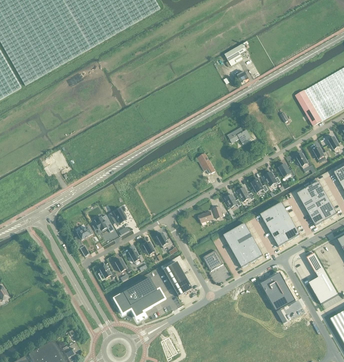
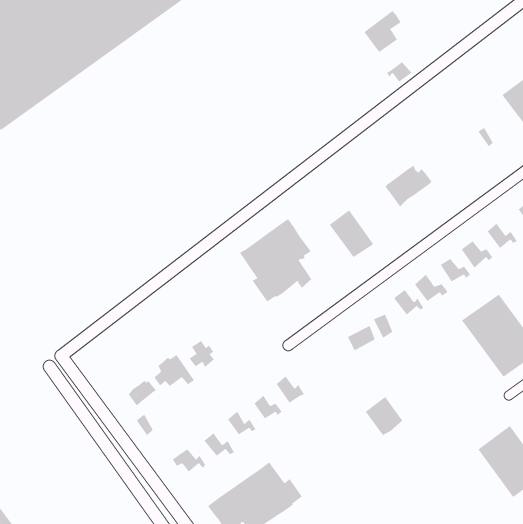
building: none -> [239,218,312,303]
building: [222,222,263,267] -> none
building: [162,261,191,296] -> none

